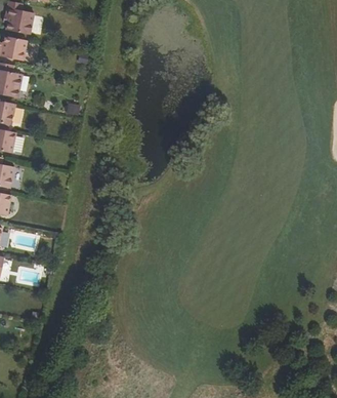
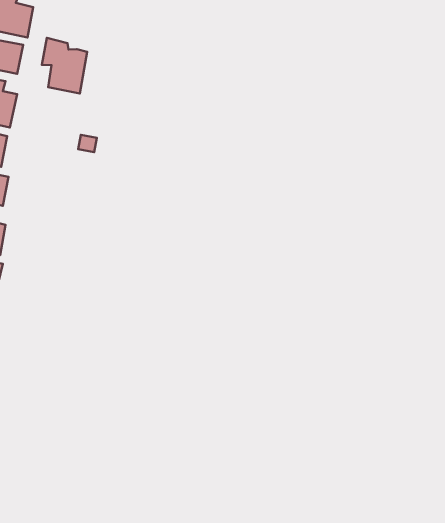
building: none -> [42,38,87,94]

